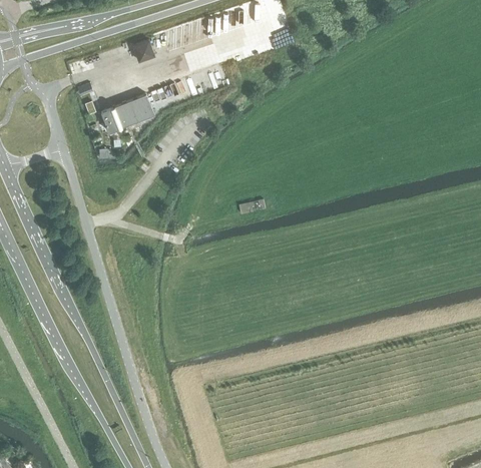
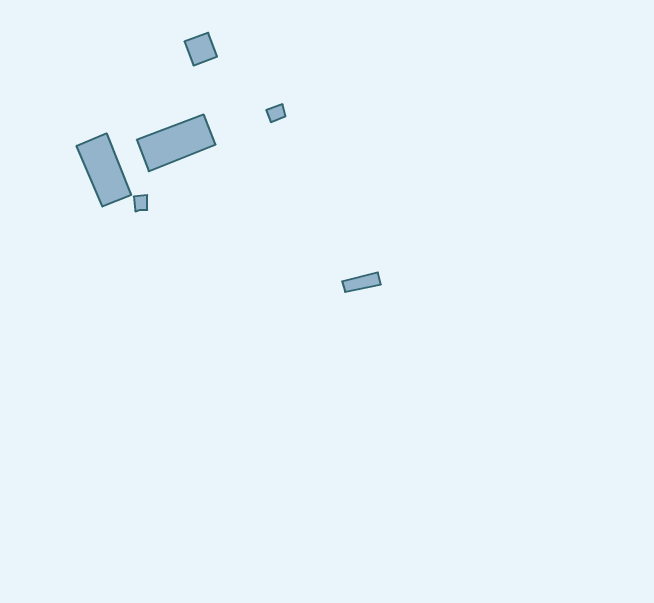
building: none -> [77,133,131,207]

